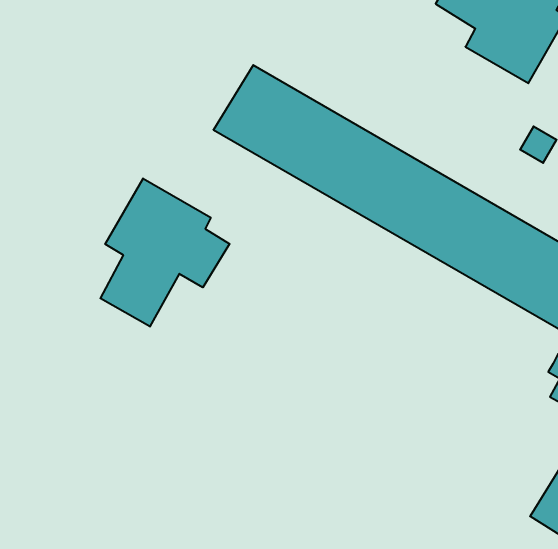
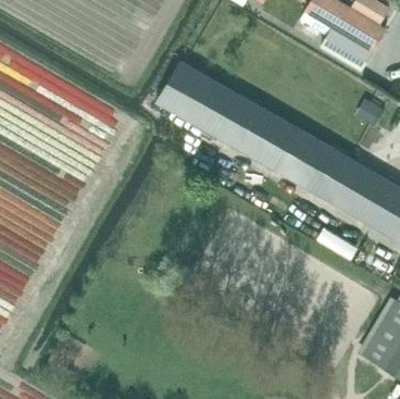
building: [100,178,230,327] -> none

